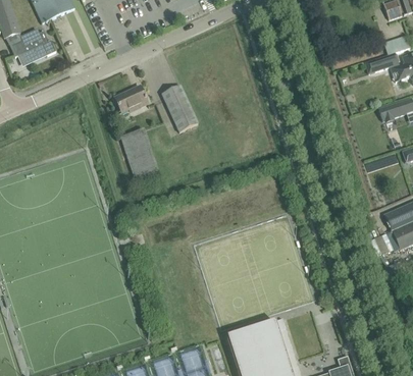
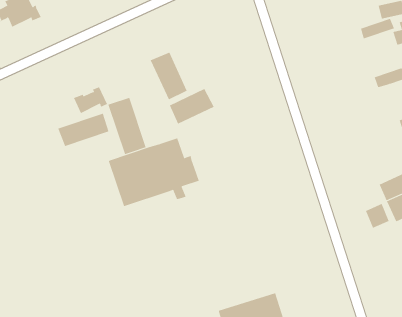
building: [114,85,148,111] -> [73,86,108,114]
building: none -> [169,88,214,125]
building: none -> [58,113,109,147]
building: none -> [108,138,199,207]

